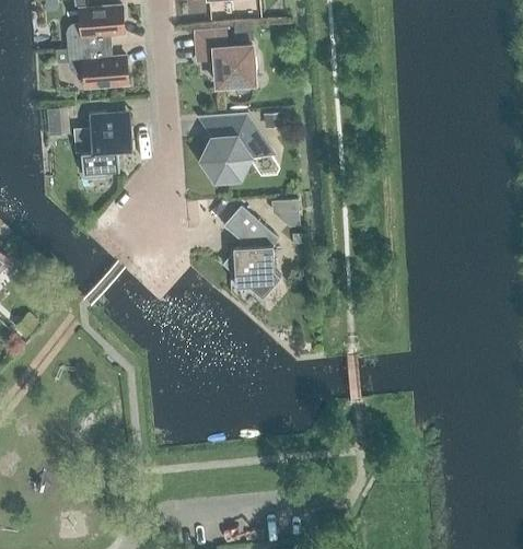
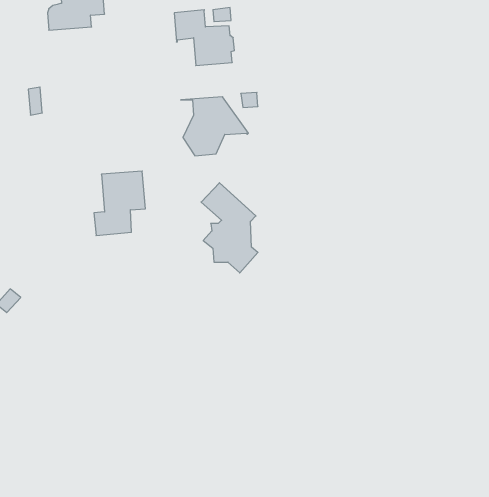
building: [67,47,127,87] -> none
building: [80,110,132,176] -> [94,171,145,236]
building: [271,199,300,226] -> none

